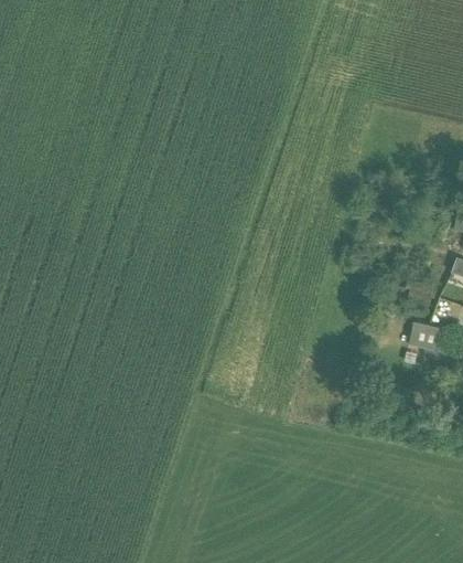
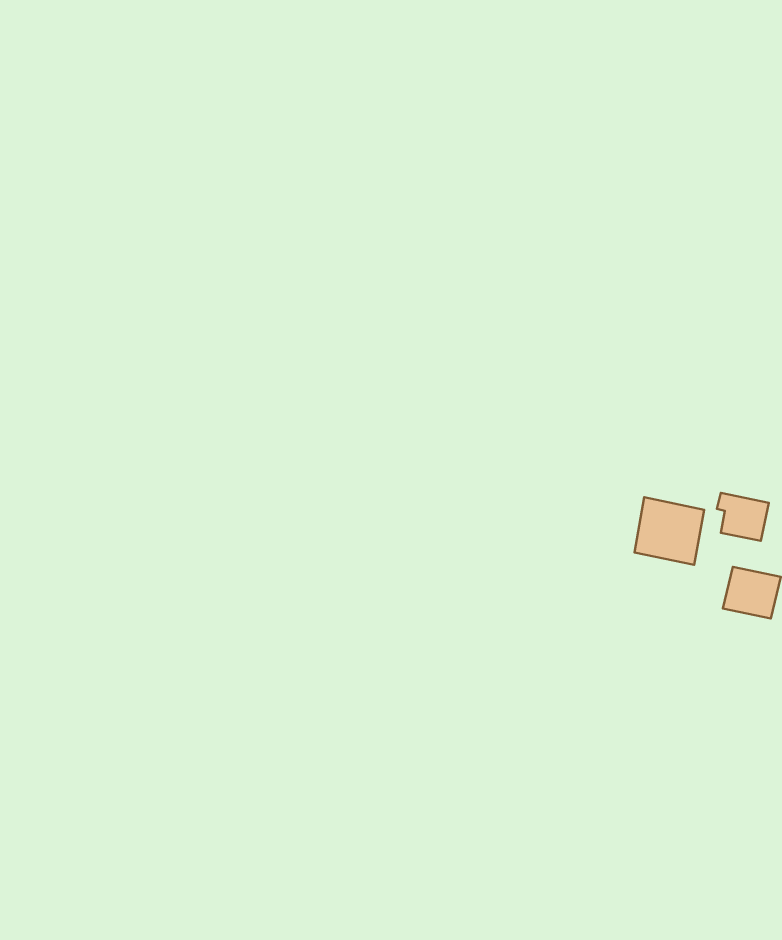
building: none -> [634,497,704,565]

